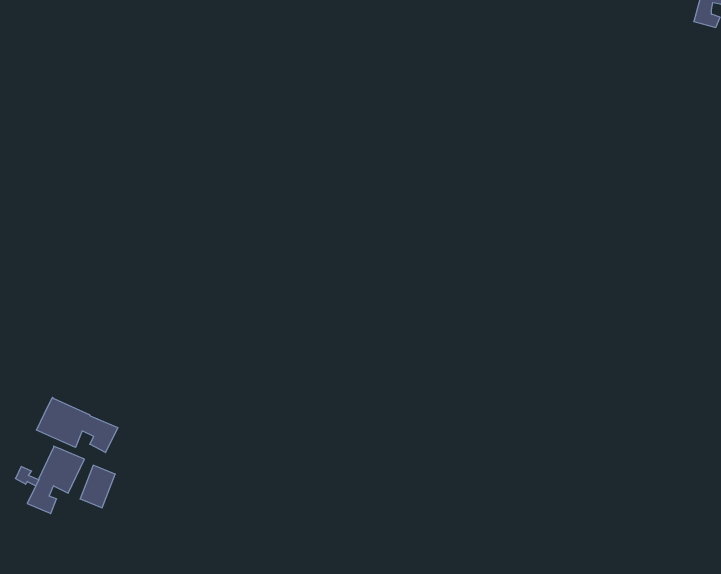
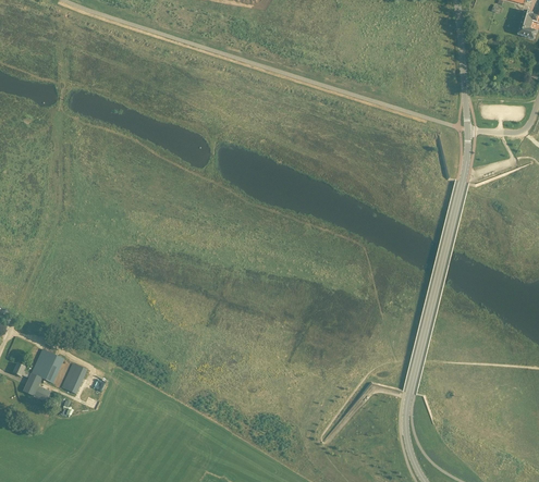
building: [36,397,118,453] -> none

